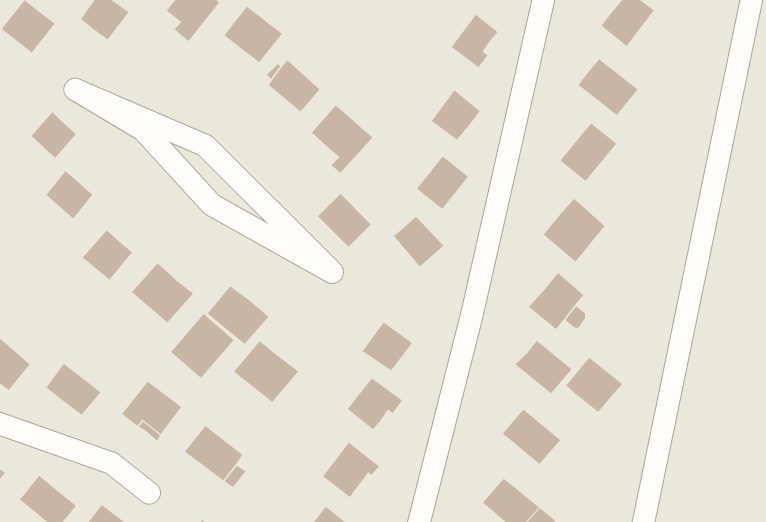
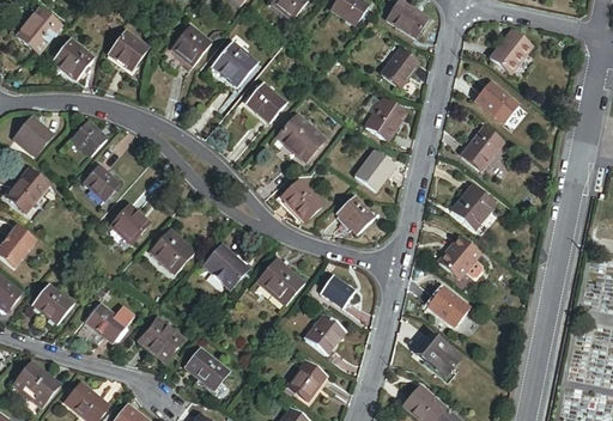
building: [170,313,235,379] -> none
building: [233,340,299,403] -> [257,256,305,301]
building: [566,357,623,413] -> none

